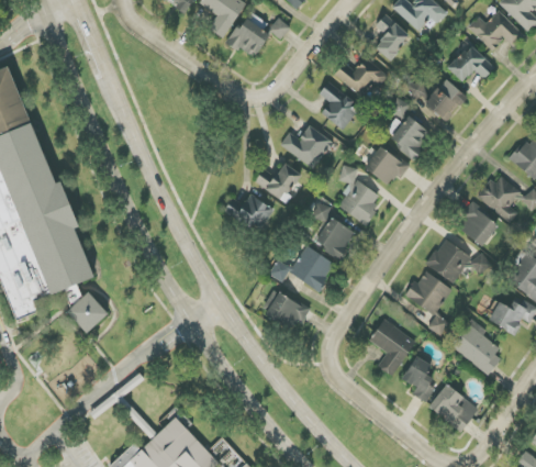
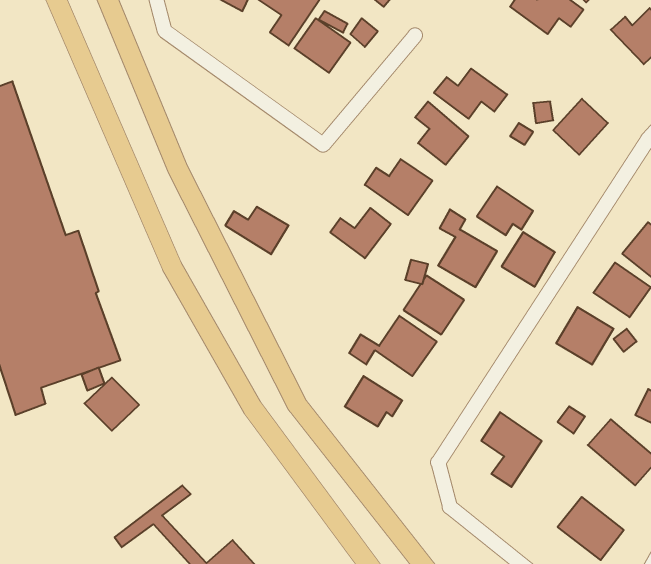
building: [373,13,410,60] -> none
building: [446,44,494,82] -> none
building: [389,115,429,157] -> [502,232,555,287]
building: [225,193,273,230] -> [225,207,289,254]
building: [404,271,451,315] -> none
building: [402,355,435,401] -> none

